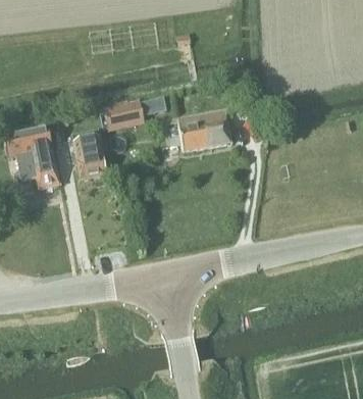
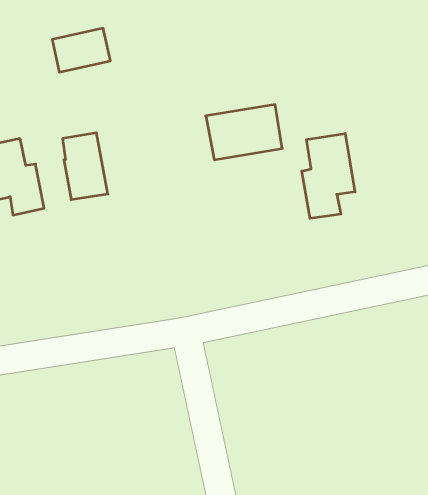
building: [103,99,145,131] -> [52,28,110,72]
building: none -> [302,133,355,218]

